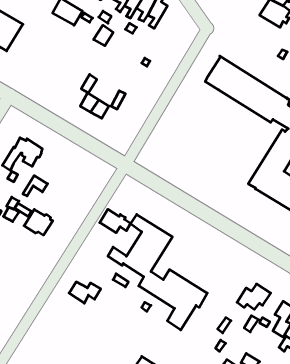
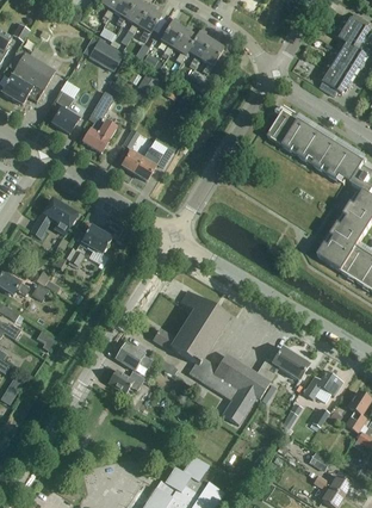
building: none -> [318,57,354,94]
building: none -> [51,89,78,131]
building: none -> [82,89,116,150]
building: [100,209,130,233] -> [116,342,151,370]
building: [24,209,53,235] -> [80,224,113,254]
building: none -> [259,346,309,379]

